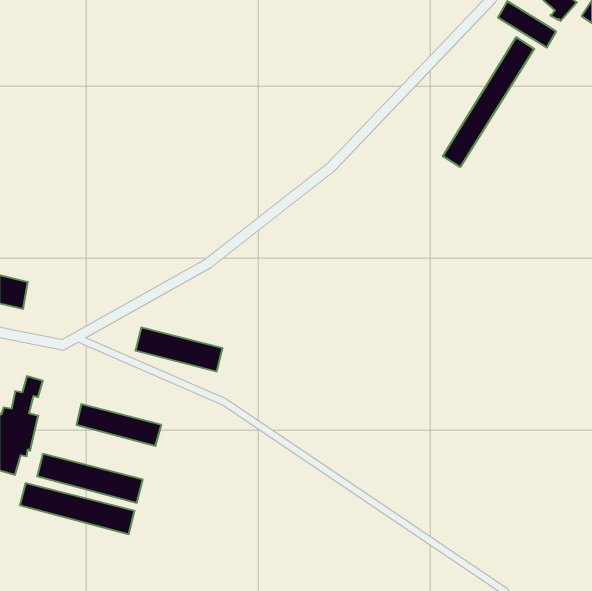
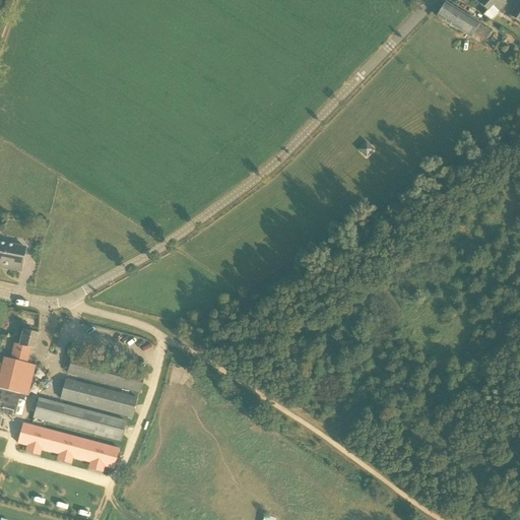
building: [443,37,534,167] -> none
building: [135,327,223,372] -> [60,378,136,416]

